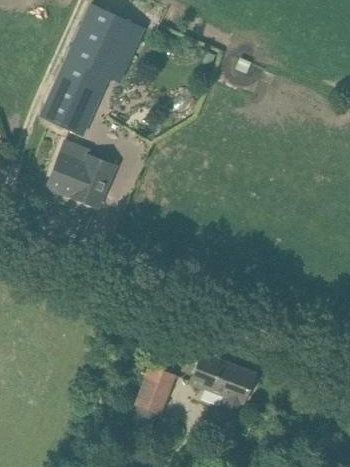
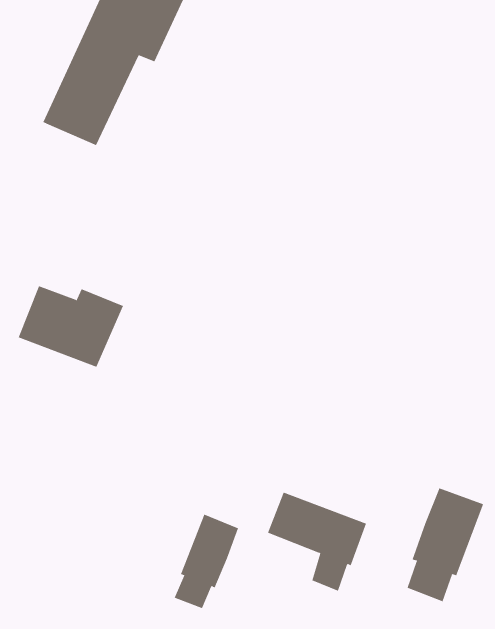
building: [46,153,113,205] -> [18,285,124,368]
building: none -> [407,488,484,602]

